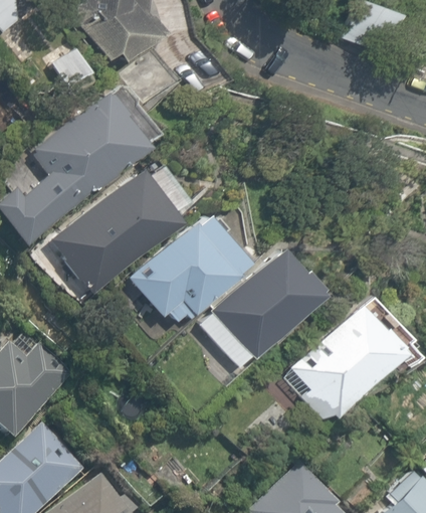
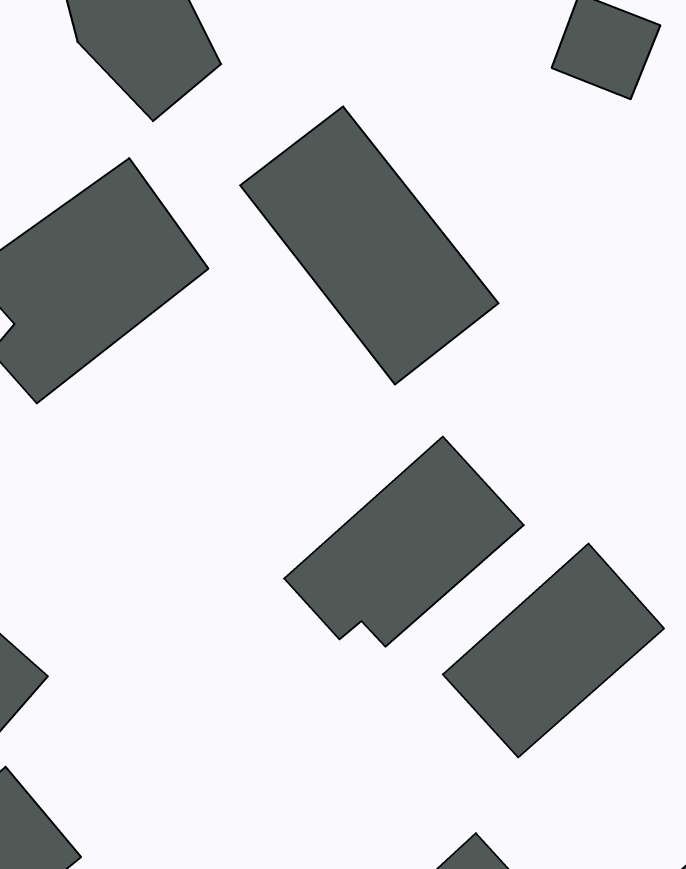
building: none -> [240,106,499,385]
building: [52,166,187,292] -> none
building: [131,211,252,322] -> none

